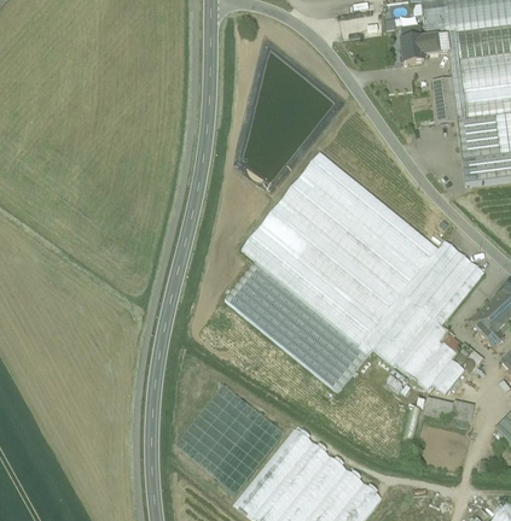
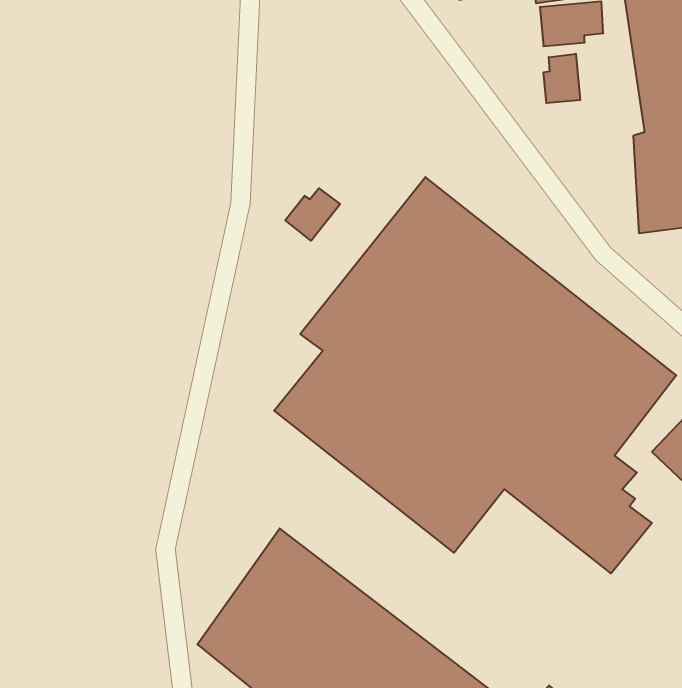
building: none -> [544,54,580,103]
building: none -> [285,188,340,241]

